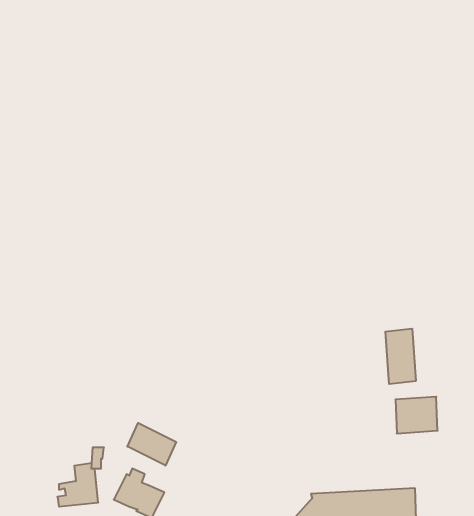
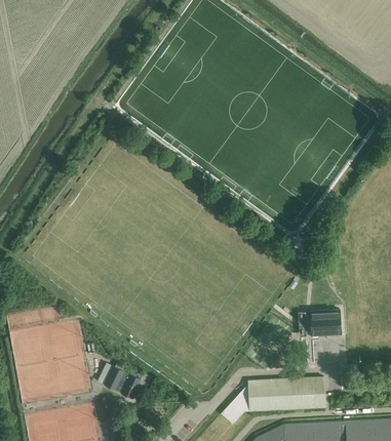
building: [385,329,416,384] -> none
building: [127,423,176,466] -> none

